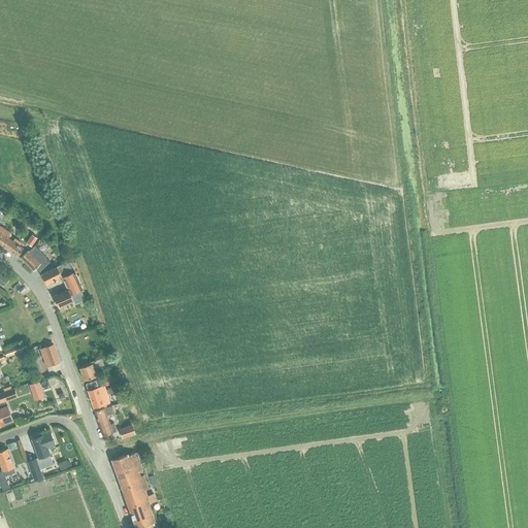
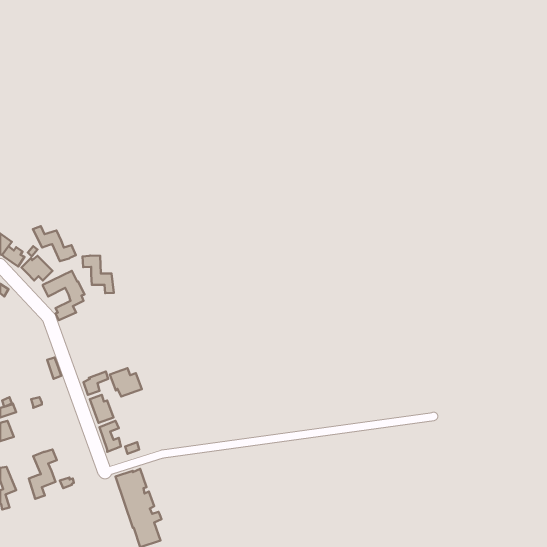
building: none -> [33,226,76,261]
building: none -> [83,256,114,293]
building: none -> [110,368,142,397]

